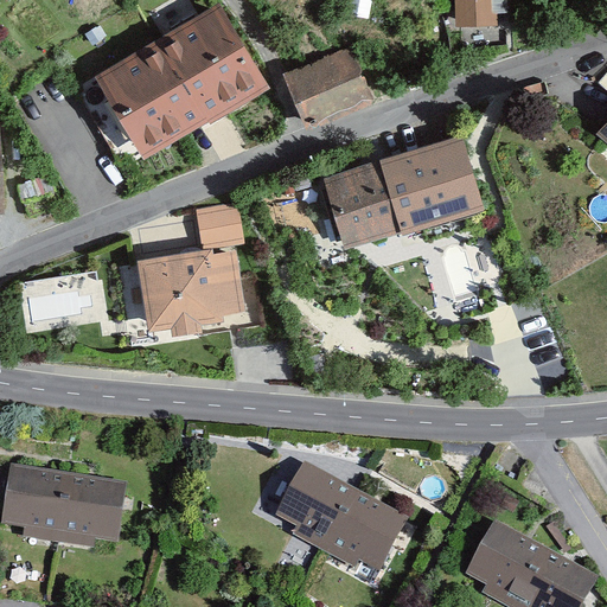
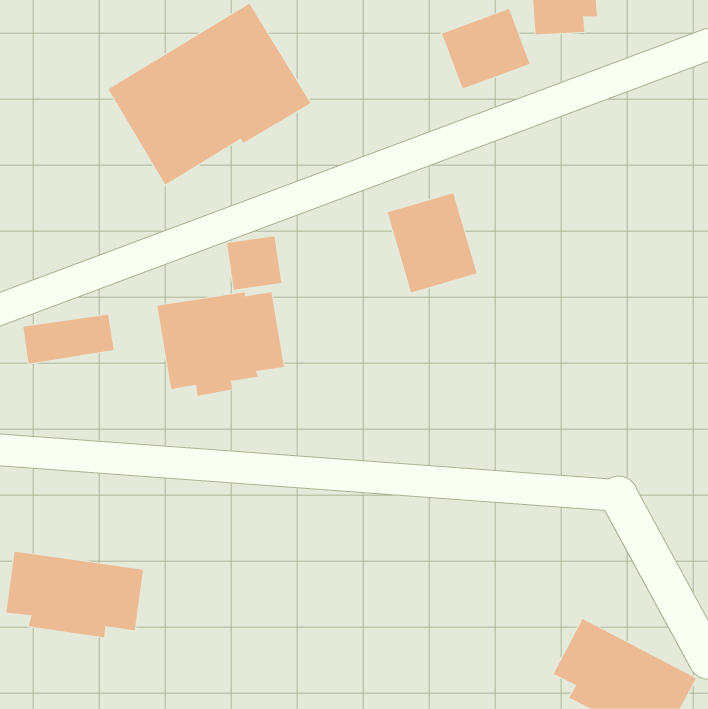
building: [292,50,368,119] -> [441,8,531,89]
building: [385,140,488,238] -> none
building: [279,465,402,564] -> none

